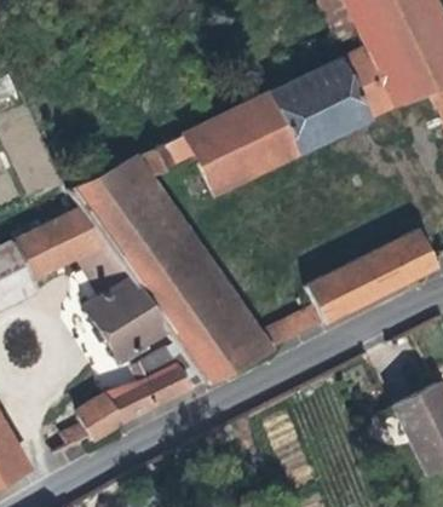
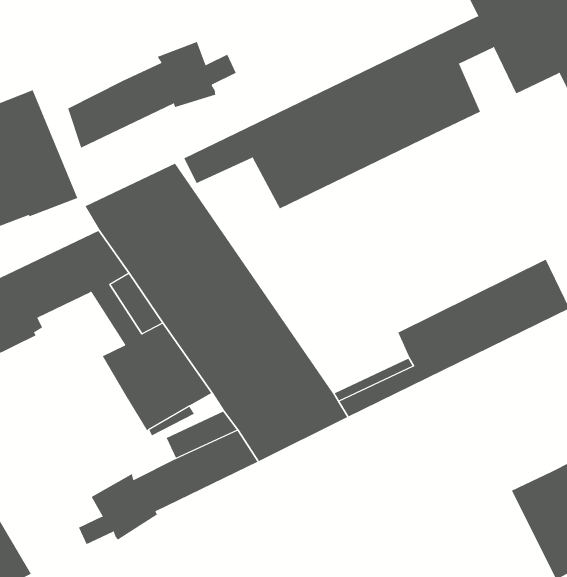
building: none -> [67,41,237,148]
building: [355,70,397,119] -> none

